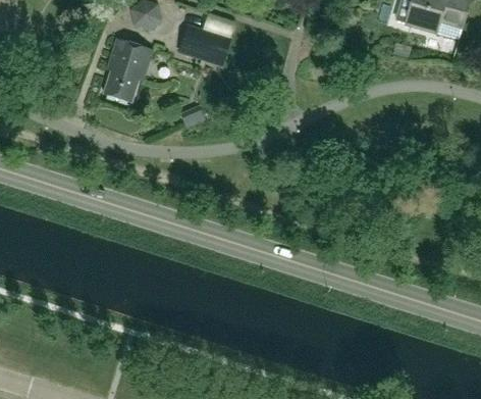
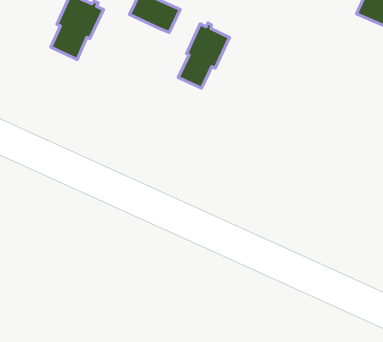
building: none -> [178,23,230,88]

